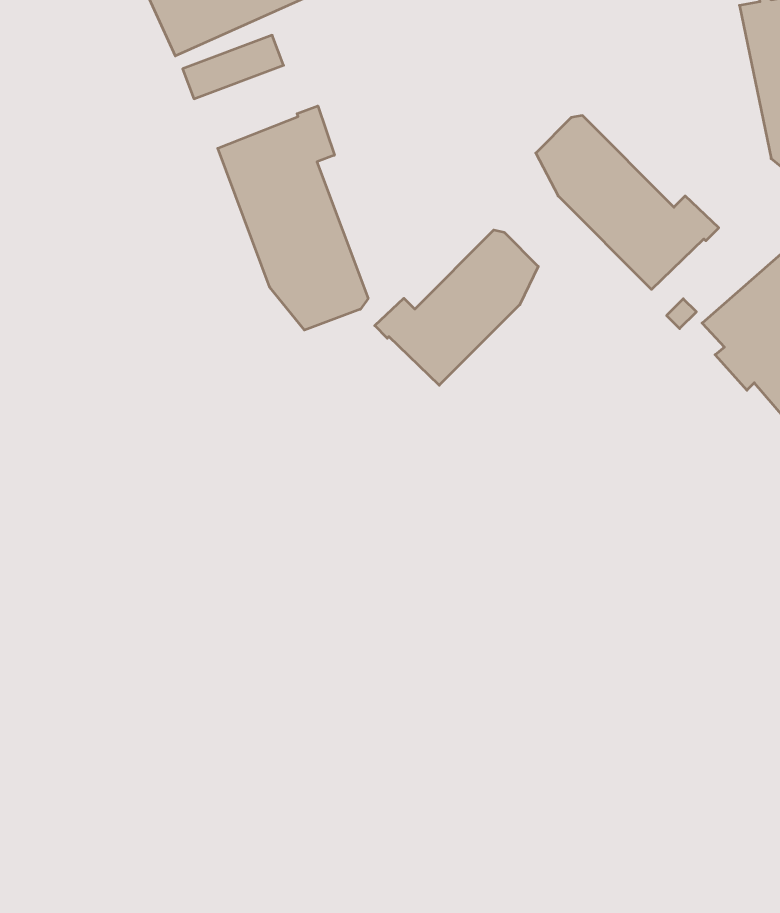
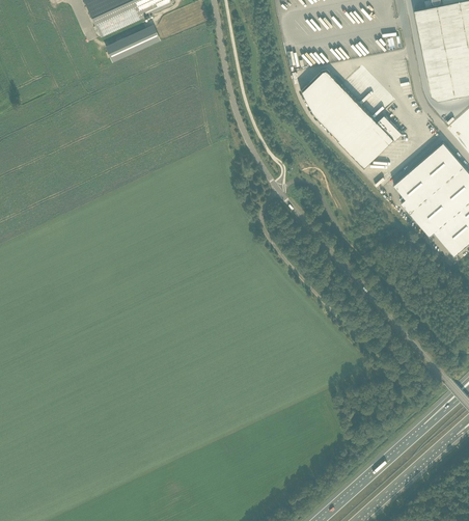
building: [218,106,368,330] -> none
building: [375,230,538,385] -> none

